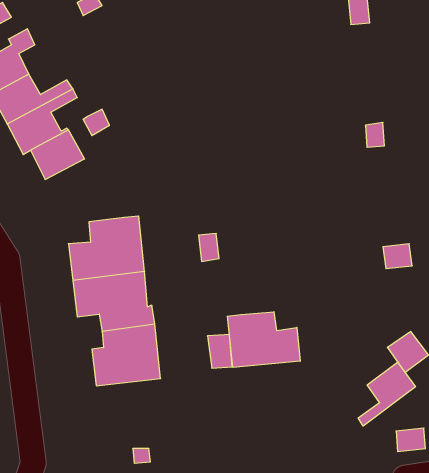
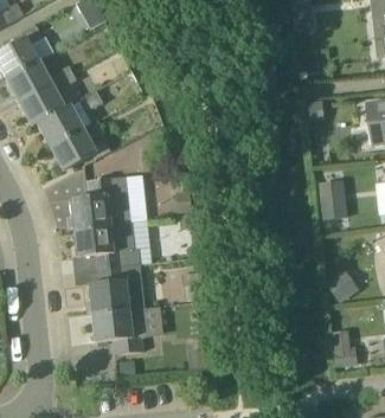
building: none -> [50,129,110,169]
building: [227,312,300,367] -> none
building: [358,362,415,426] -> none
building: none -> [91,307,146,353]

